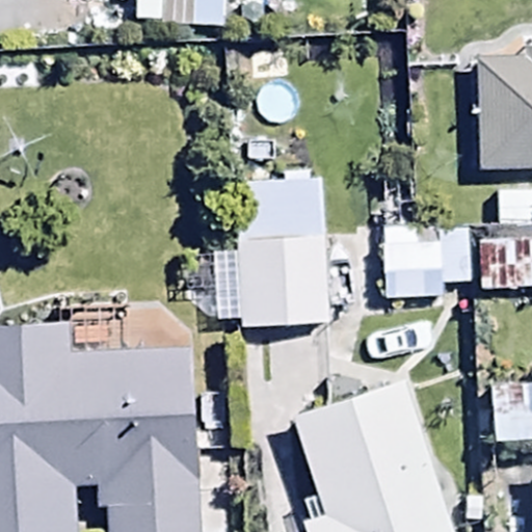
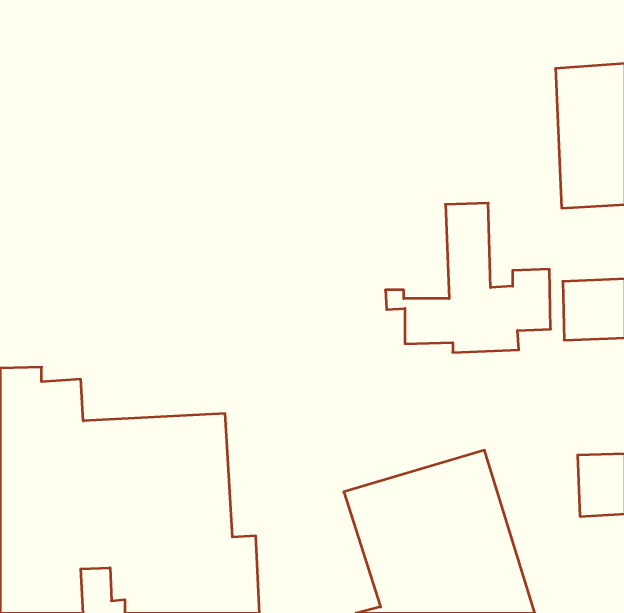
building: [212,179,323,326] -> none

